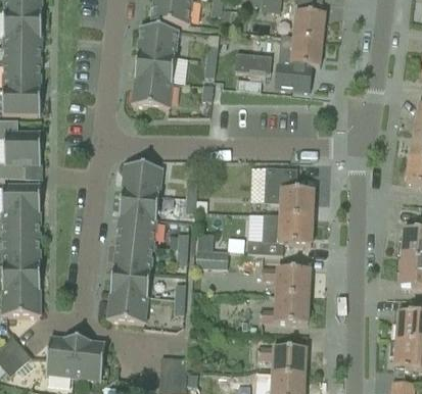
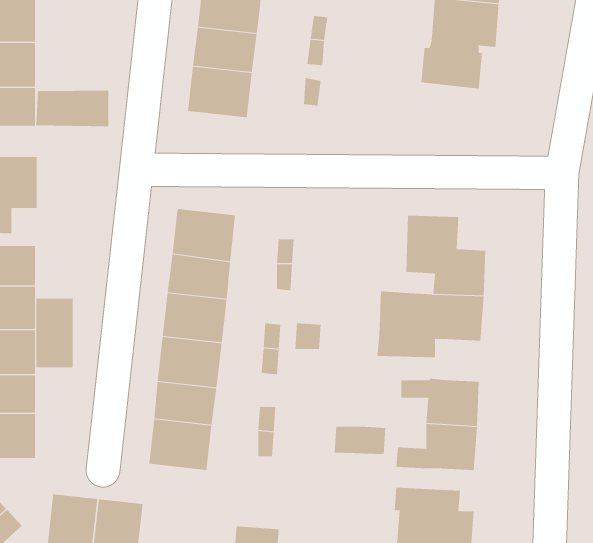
building: [234,52,272,73] -> none
building: none -> [36,90,109,127]
building: none -> [36,298,73,368]
building: [196,249,228,266] -> [334,426,386,455]

